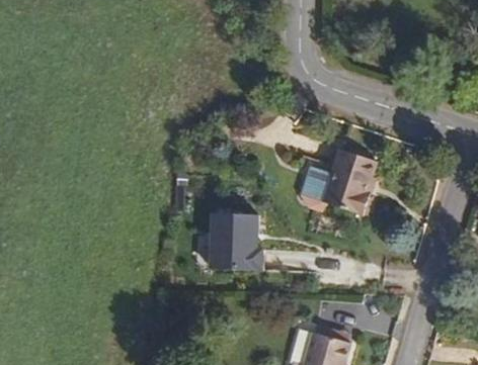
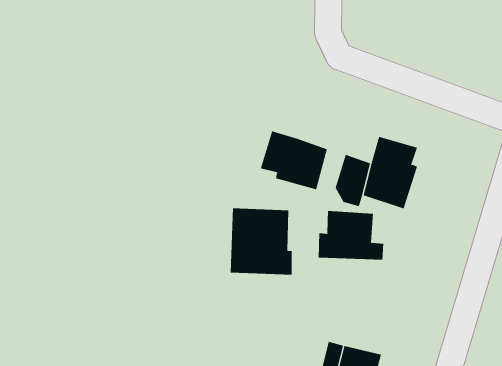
building: none -> [260,130,327,190]
building: none -> [318,210,384,260]

